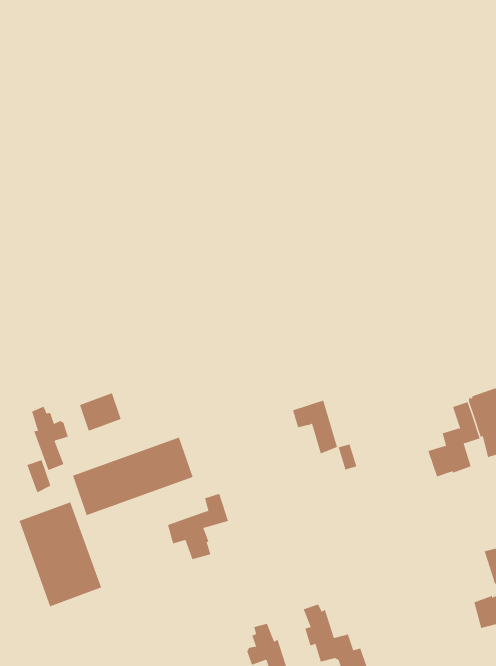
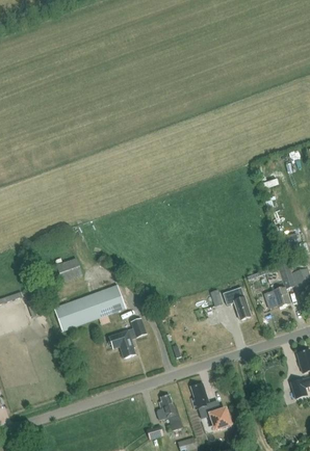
building: [292,400,338,454] -> [223,287,250,319]
building: [32,406,69,471] -> none
building: [19,501,102,607] -> none

